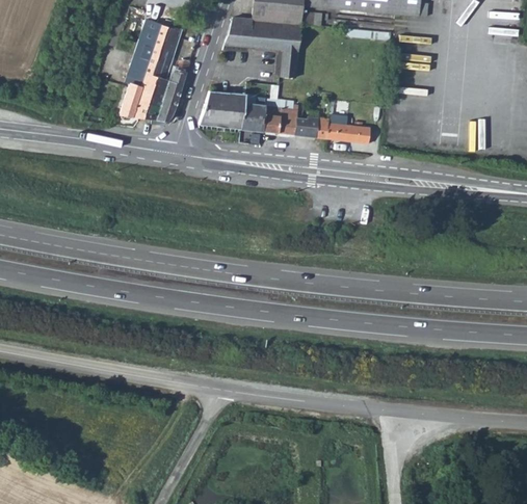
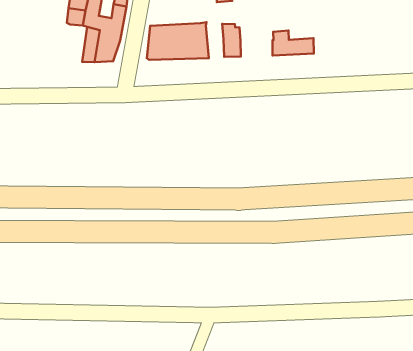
building: [118,76,147,115] -> none
building: [264,98,283,132] -> none
building: [296,116,331,138] -> none

